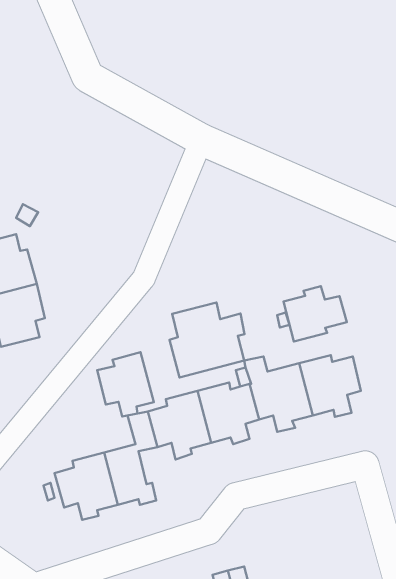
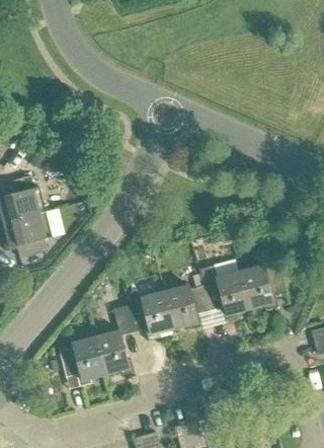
building: [283,286,347,341] -> none
building: [170,302,245,378] -> none
building: [97,352,154,416] -> none

